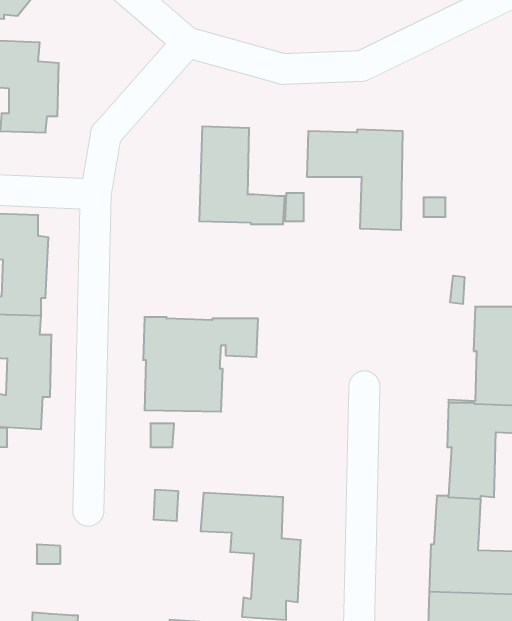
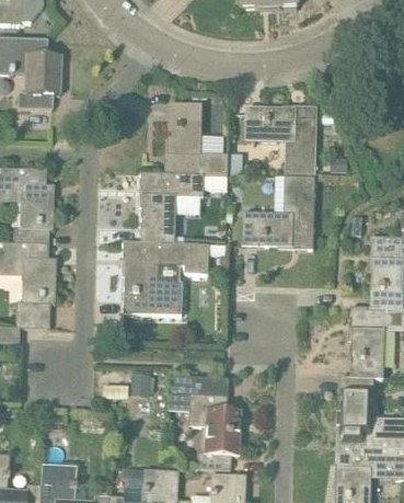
building: none -> [125,173,228,247]
building: none -> [243,179,315,250]

